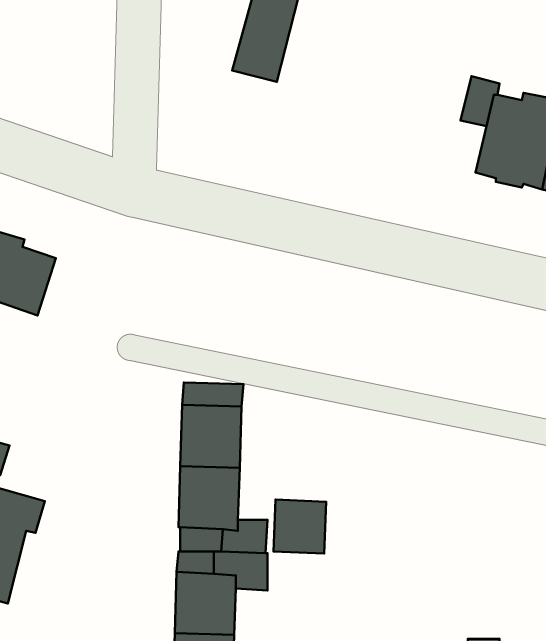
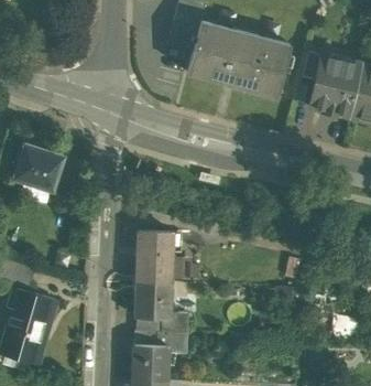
building: none -> [190,21,292,95]
building: [273,500,326,553] -> none

